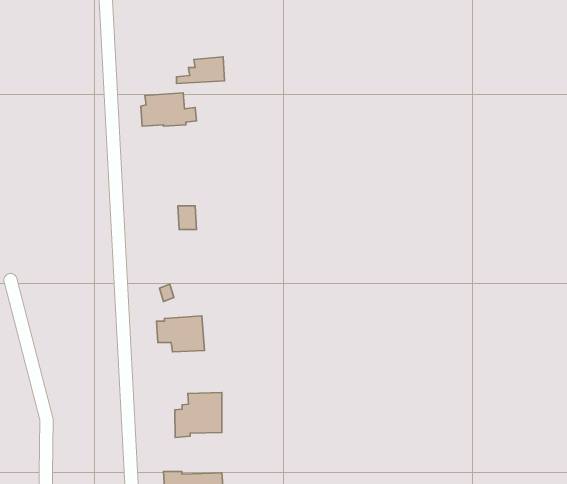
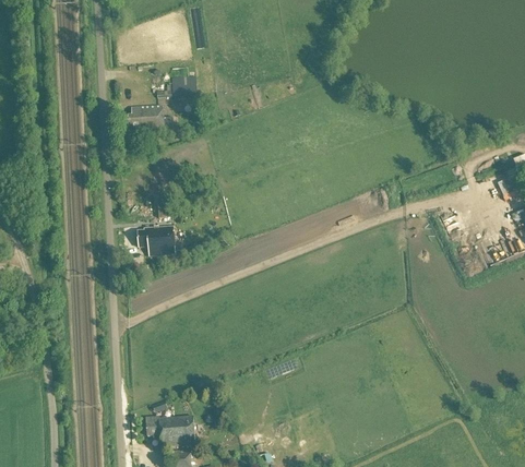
building: [157,316,204,352] -> [135,225,175,254]
building: [175,392,222,437] -> none

